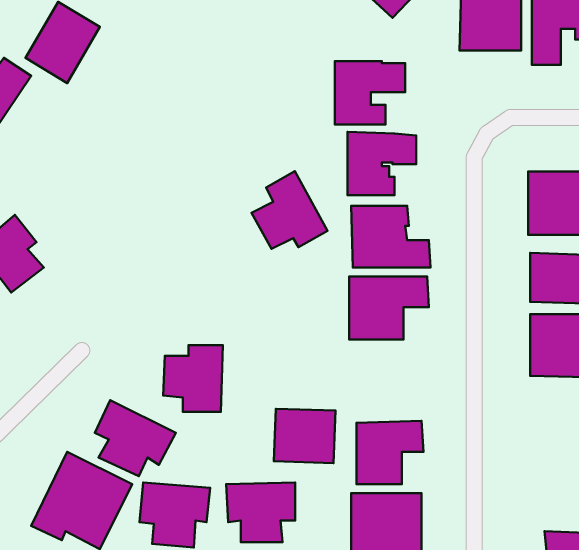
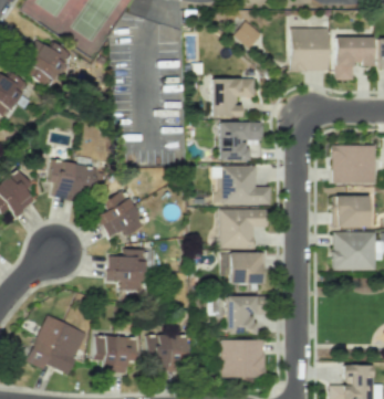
building: [252,171,328,249] -> [97,190,144,238]
building: none -> [48,160,96,202]
building: [95,400,176,476] -> none
building: [274,409,335,463] -> [231,251,269,284]

